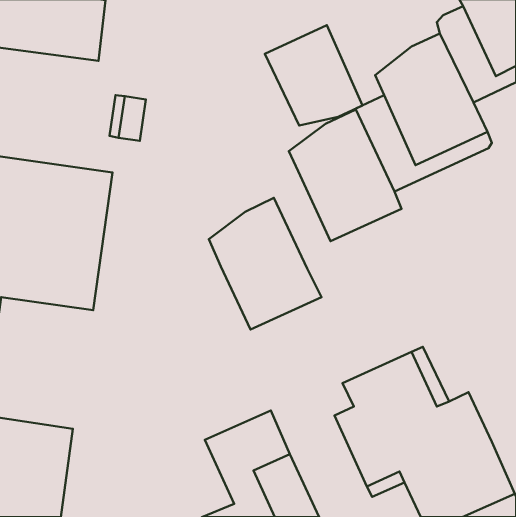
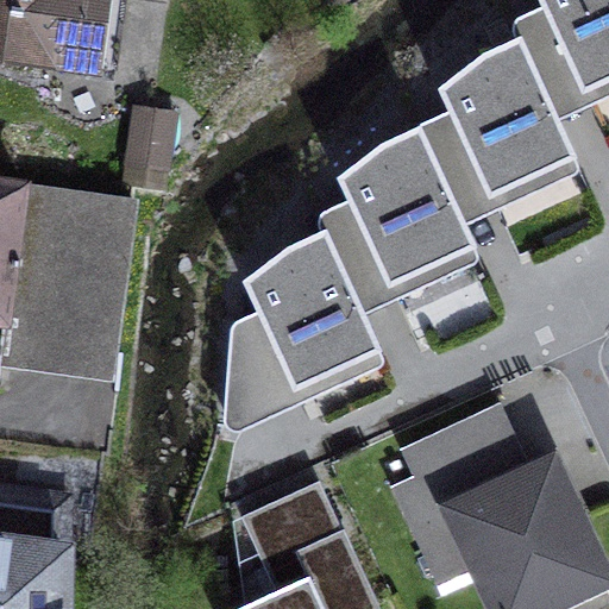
building: [265,25,363,126] -> none
building: none -> [319,201,475,315]
building: none -> [226,313,382,429]

